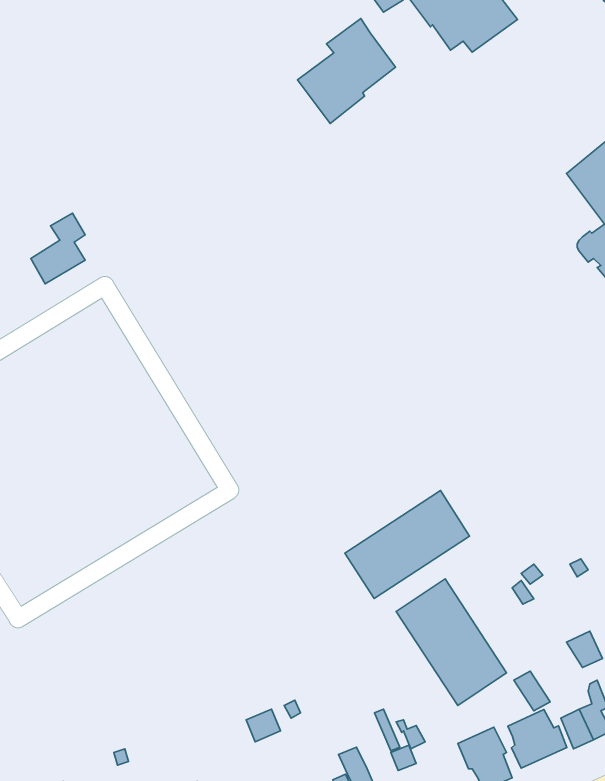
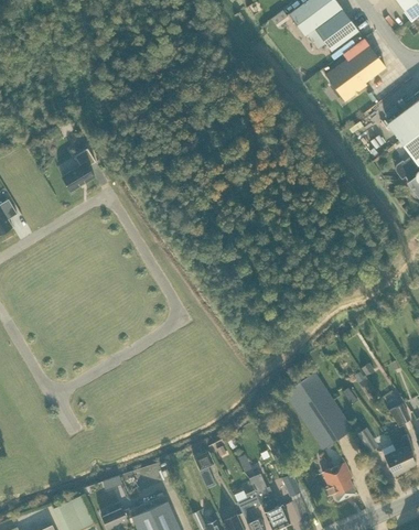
building: [298,18,395,123] -> [325,37,385,101]
building: [345,491,469,598] -> none
building: [508,710,567,768] -> none

